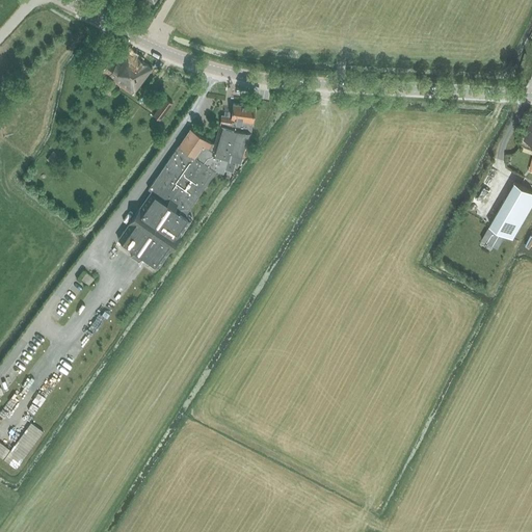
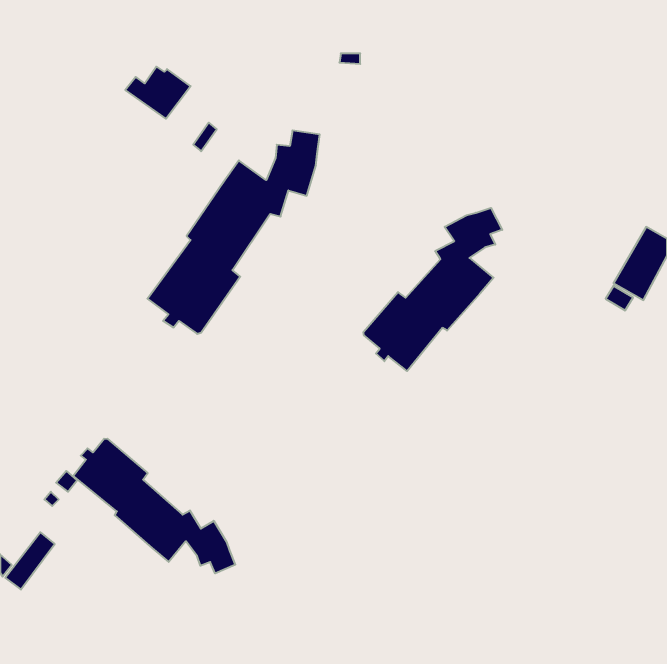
building: none -> [364,208,502,371]
building: none -> [73,439,235,573]

